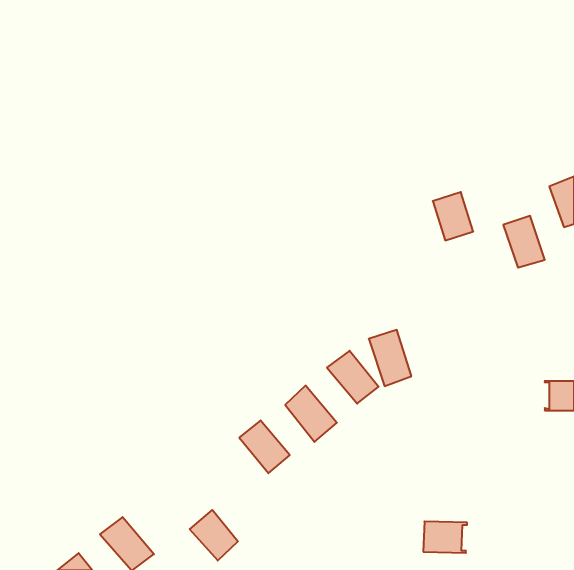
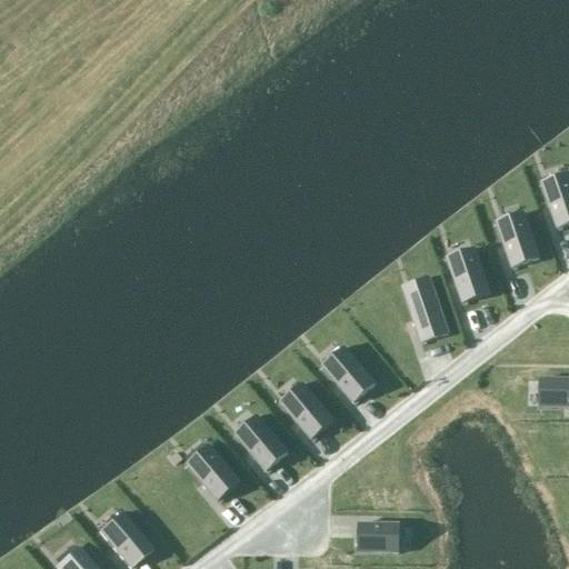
building: [433,192,473,240] -> [450,253,490,301]
building: [369,330,411,386] -> [406,286,448,341]
building: [190,510,238,561] -> [191,449,239,499]
building: [423,521,467,553] -> [357,521,400,552]

